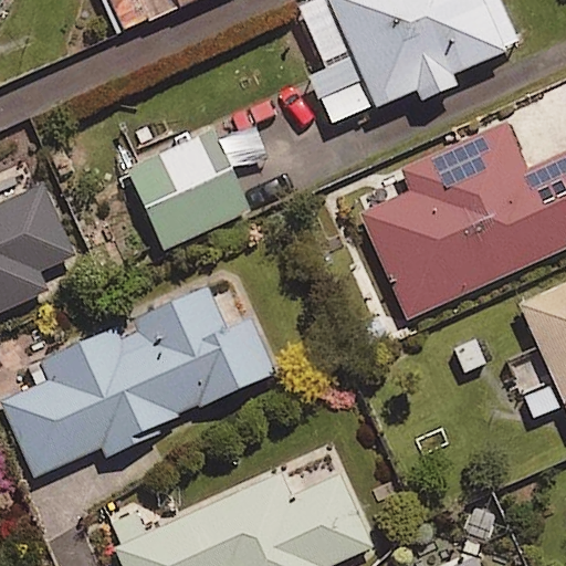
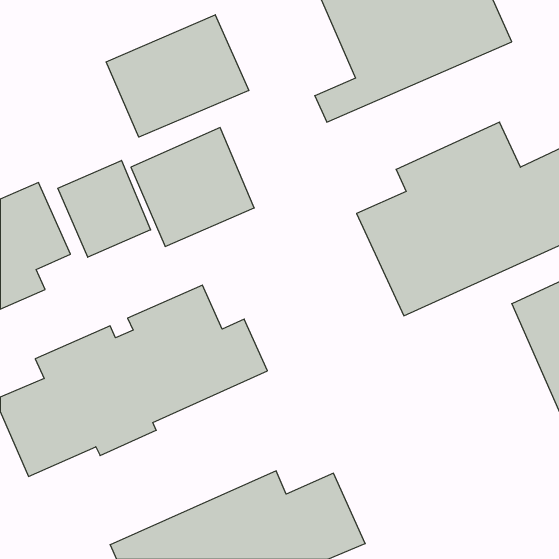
building: none -> [106,15,249,137]
building: none -> [58,160,151,257]

